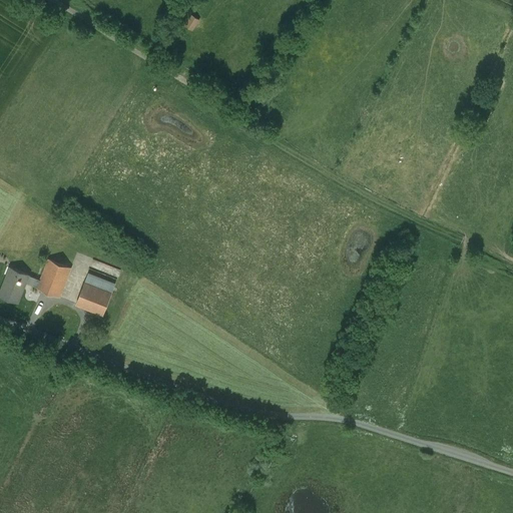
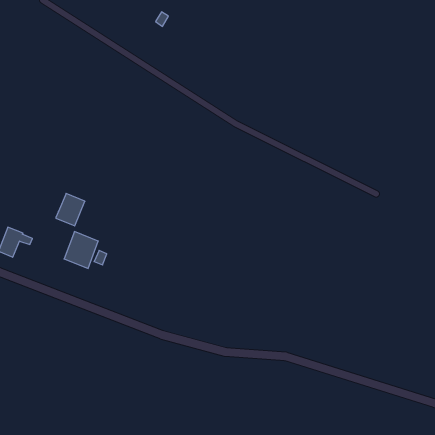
building: [35,261,69,299] -> [56,193,85,226]

